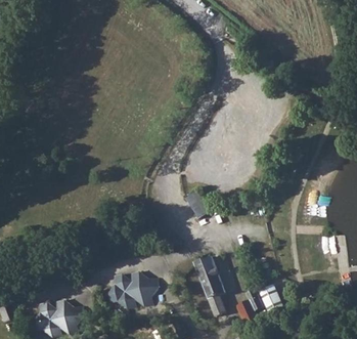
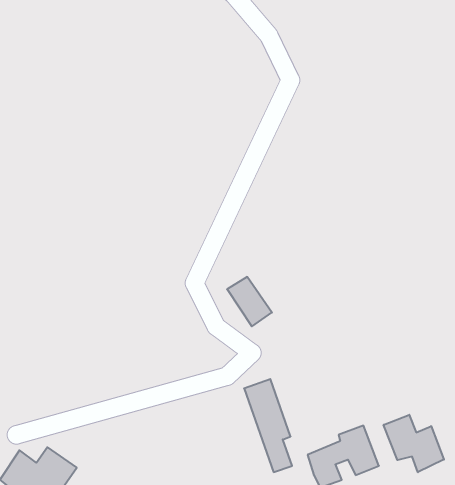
building: [107,270,160,306] -> none
building: none -> [384,415,444,472]

